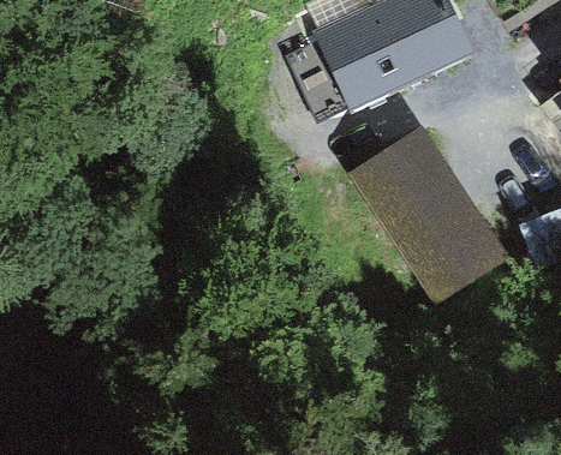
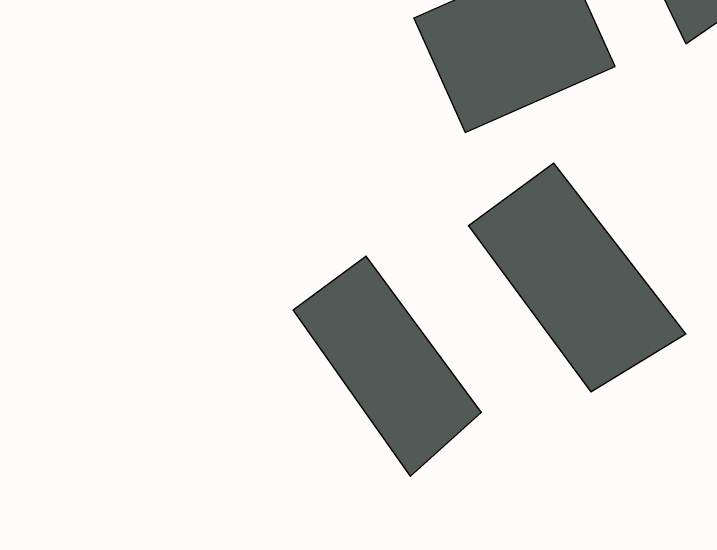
building: none -> [293,256,481,476]

